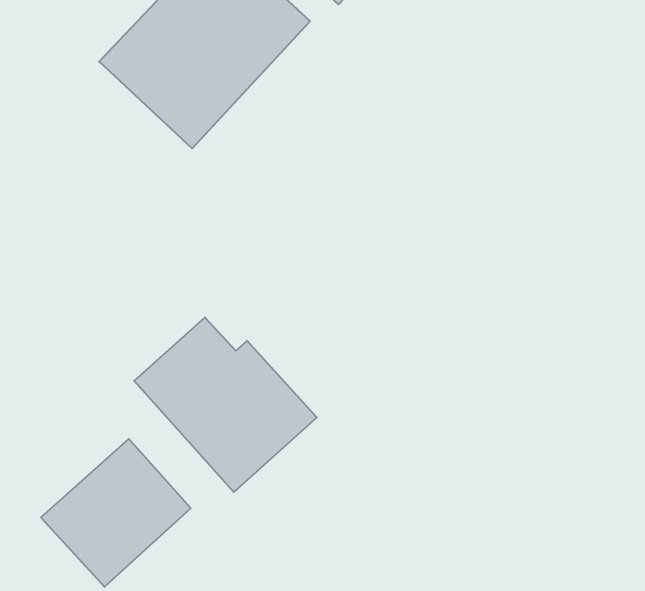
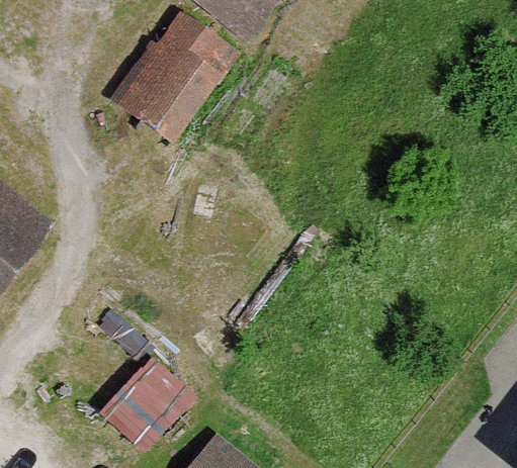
building: [134,317,317,492] -> none

